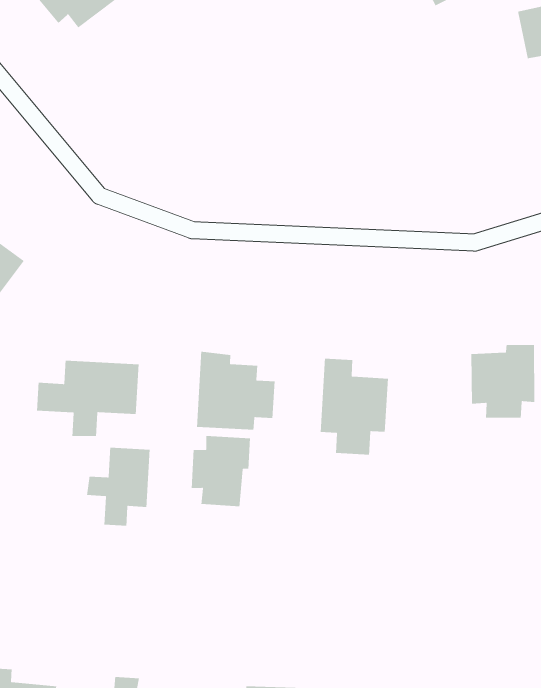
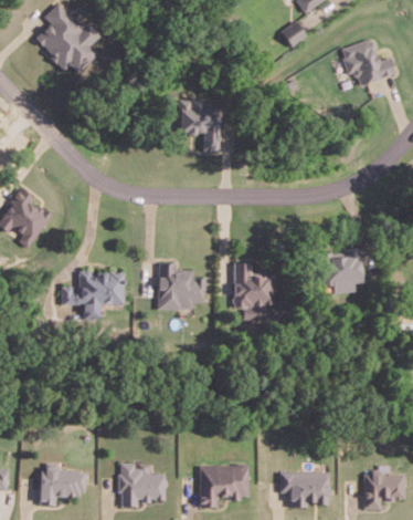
building: none -> [179,97,220,150]
building: [191,435,251,507] -> none
building: [86,447,151,527] -> none

